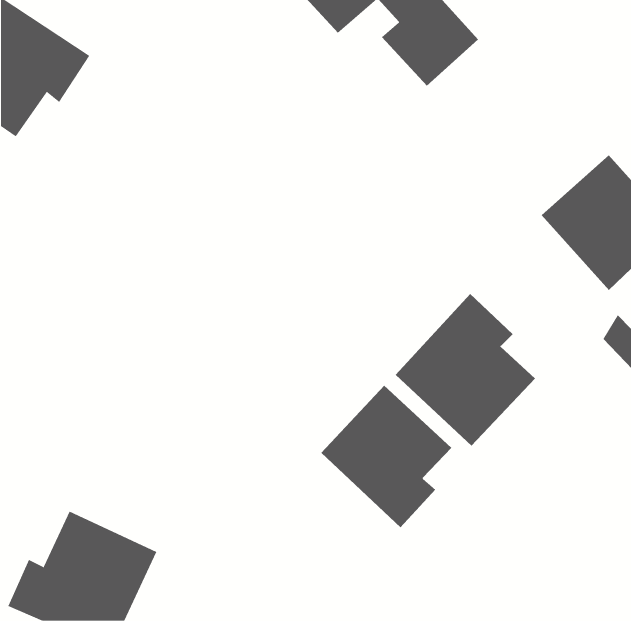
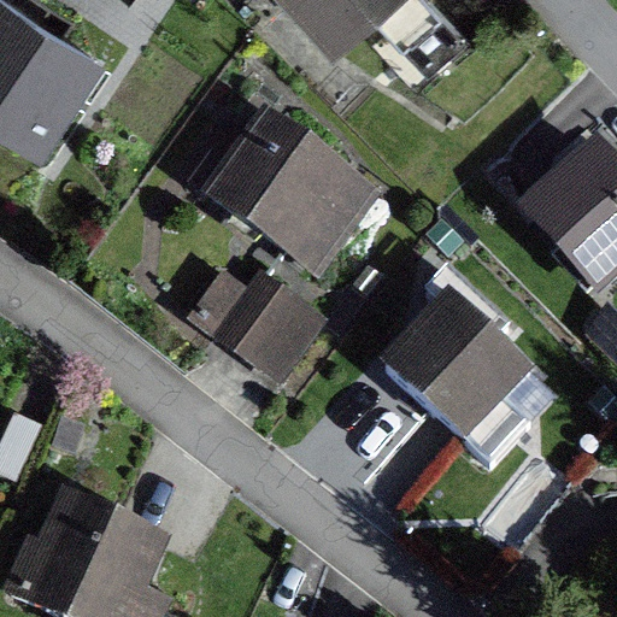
building: none -> [194,118,370,269]
building: none -> [216,276,318,377]
building: [321,385,452,528] -> none

